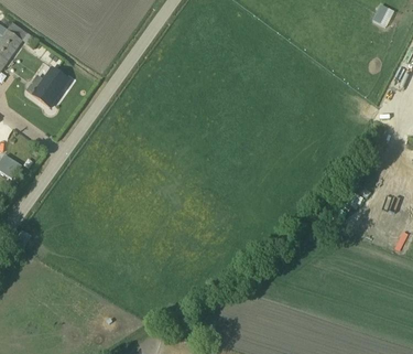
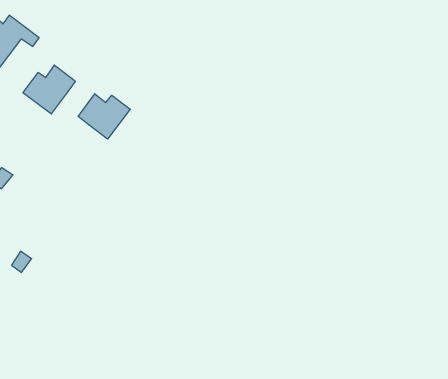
building: none -> [78,94,130,139]

